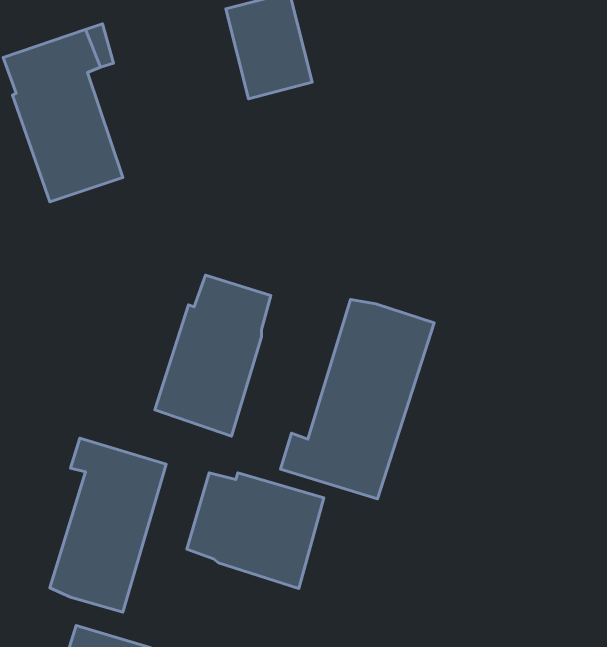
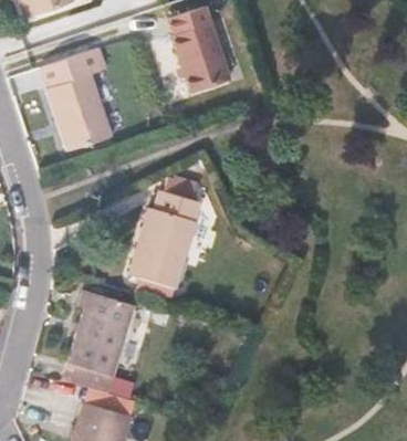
building: [281,300,434,499] -> none
building: [187,473,324,589] -> none

